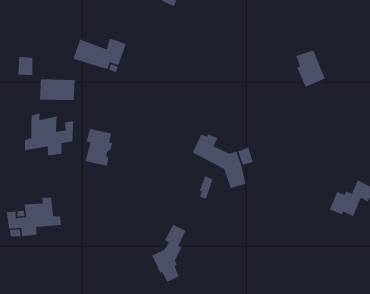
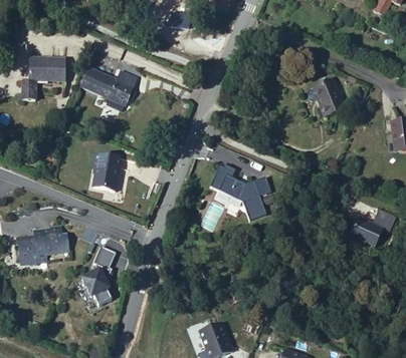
building: [39,78,76,101] -> [29,58,66,81]
building: [24,112,74,156] -> none
building: [151,224,187,283] -> [78,251,115,311]

